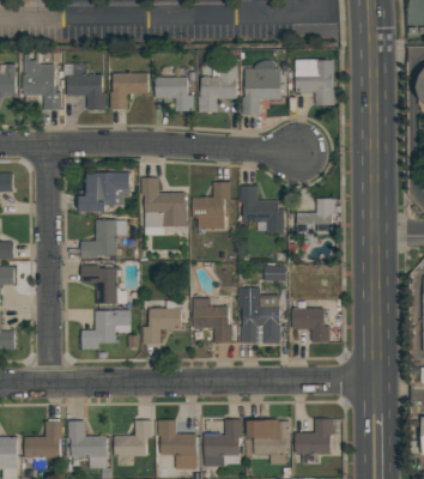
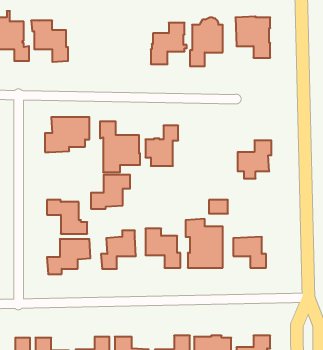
building: [109,72,147,109] -> none
building: [155,75,193,110] -> none
building: [240,184,283,232] -> none
building: [80,219,125,257] -> [91,175,130,209]

